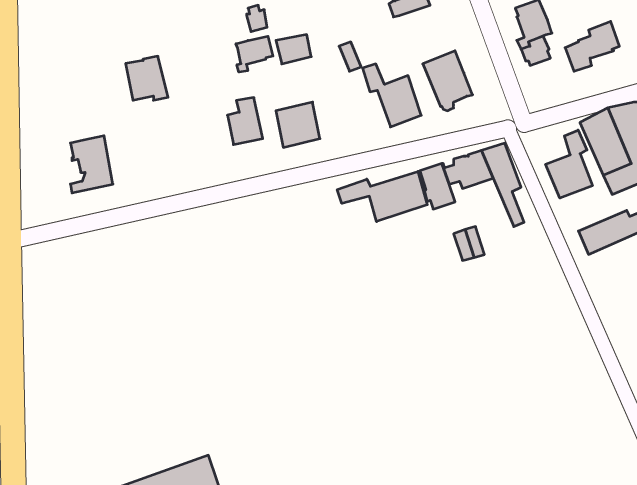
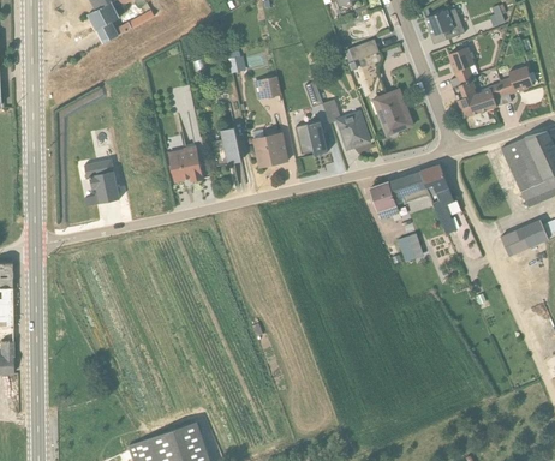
building: [236,36,273,72] -> none
building: none -> [460,86,496,116]
building: [126,56,168,100] -> [168,145,203,181]
building: none -> [296,121,327,155]
building: [546,130,592,198] -> none
building: [337,171,427,222] -> none

